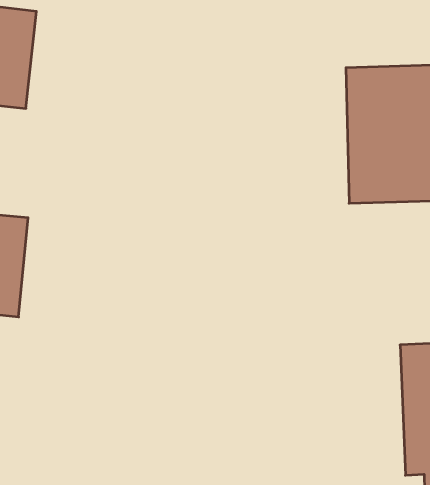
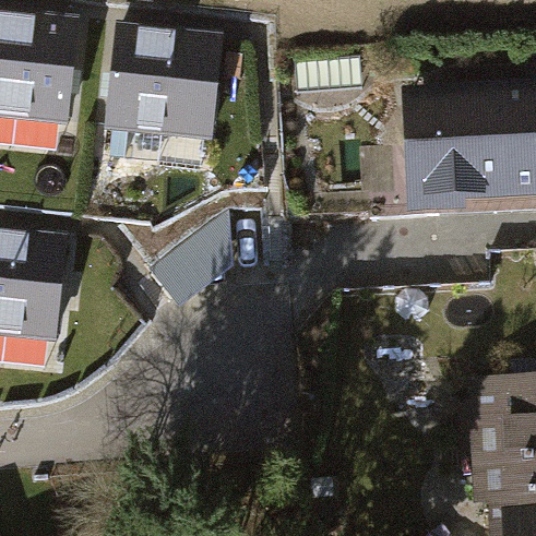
building: none -> [111,28,229,142]

